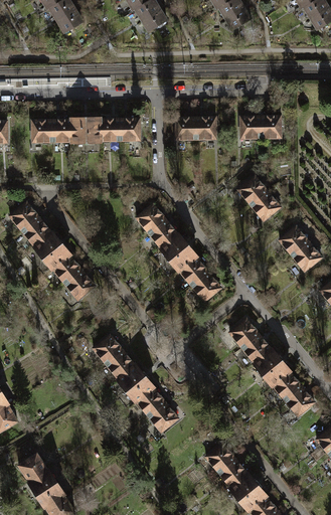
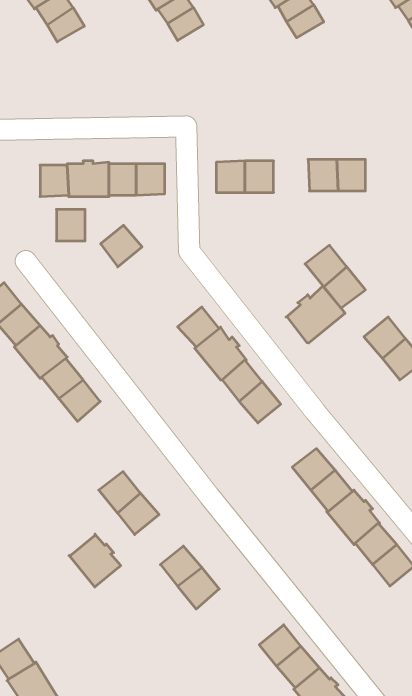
building: [31,120,51,142] -> [56,209,85,241]
building: [136,204,165,233] -> [101,225,142,267]
building: none -> [286,286,345,343]
building: [117,364,153,401] -> [69,534,121,587]

